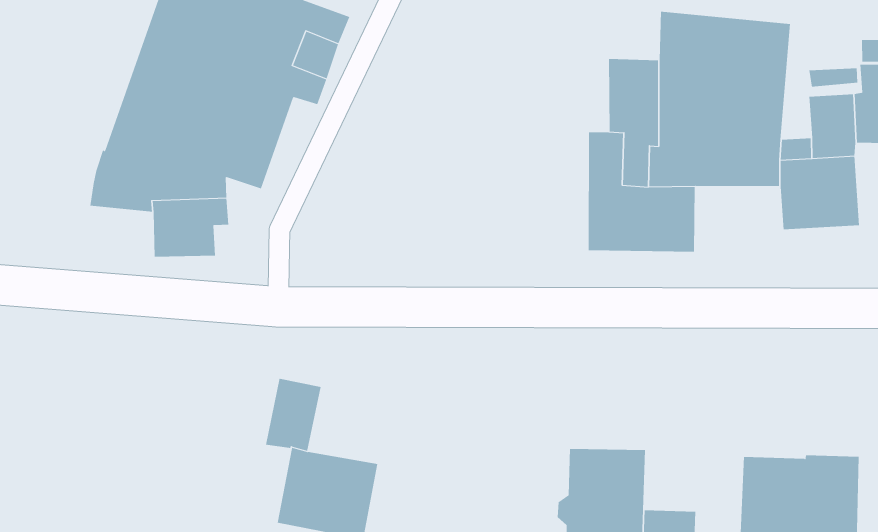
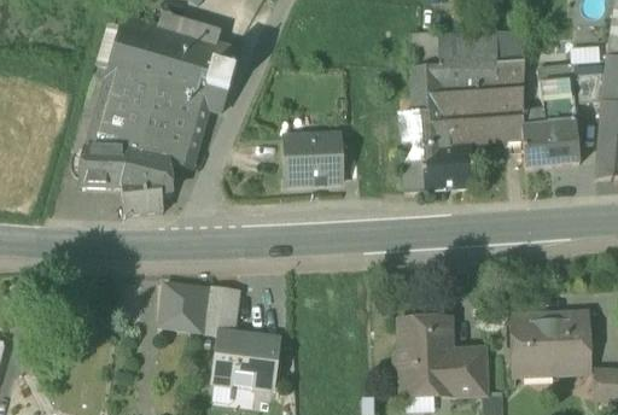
building: none -> [285,131,344,182]
building: none -> [159,280,211,329]

